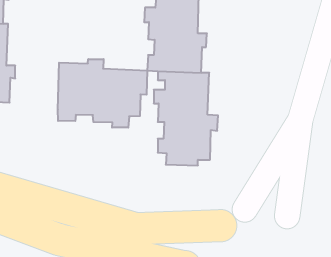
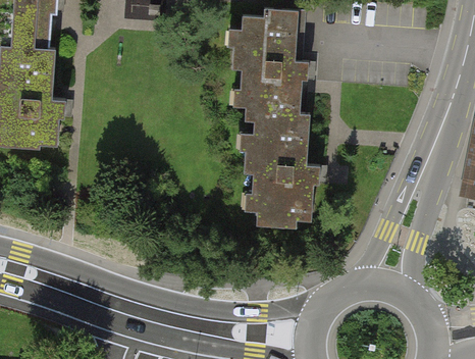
building: [58,59,147,128] -> none

